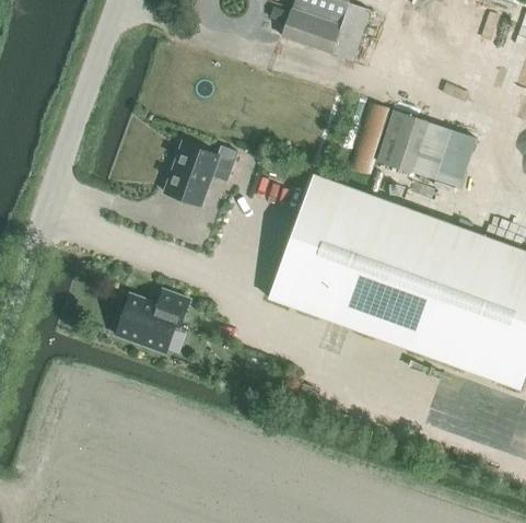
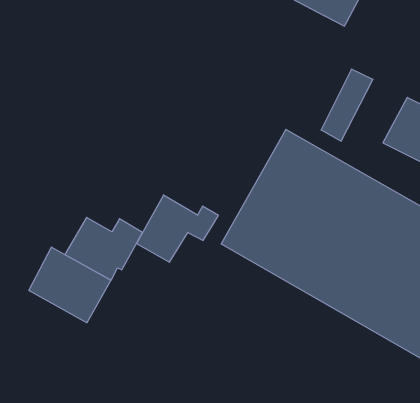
building: [376,111,429,174] -> none
building: [164,142,241,208] -> [136,195,218,262]
building: none -> [29,247,111,323]

